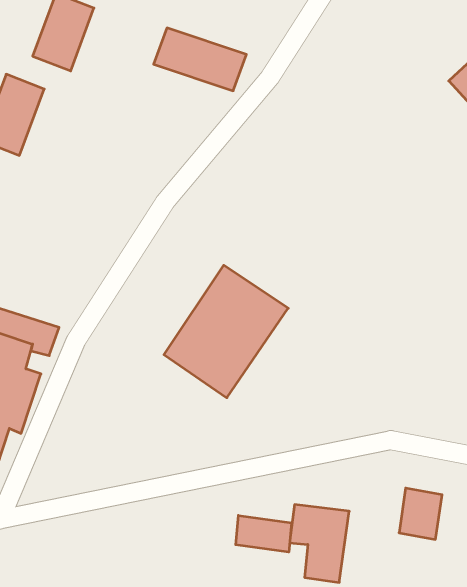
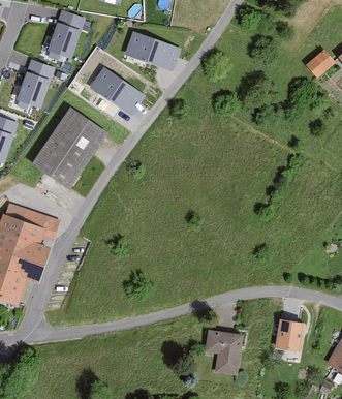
building: none -> [86,66,142,115]
building: [164,265,288,398] -> [32,106,110,189]
building: [236,515,291,552] -> none

